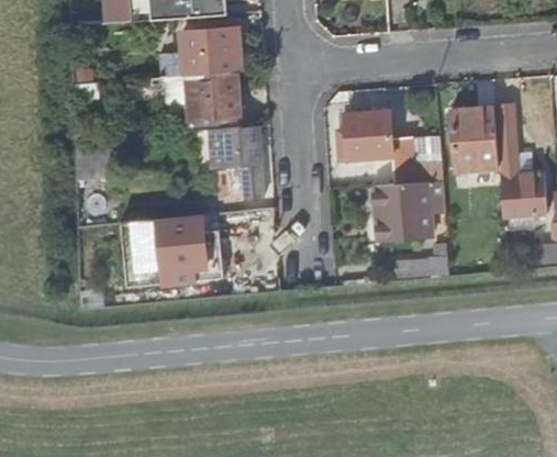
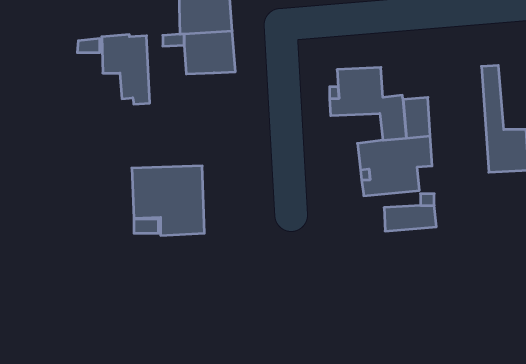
building: [452,108,497,171] -> none
building: [214,127,264,199] -> [102,35,150,104]

